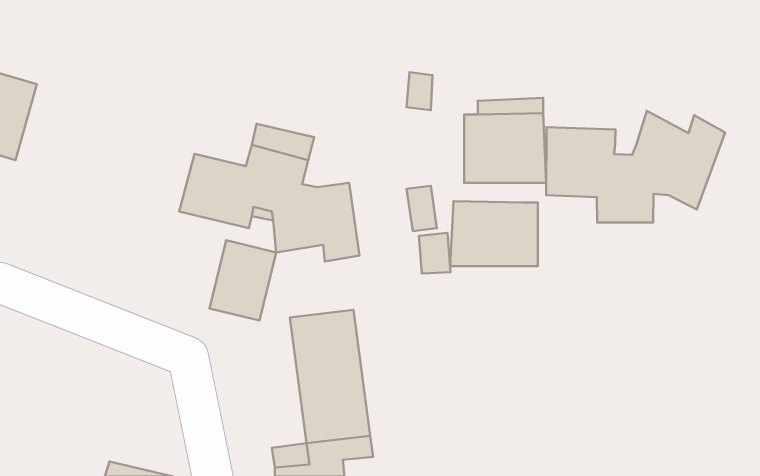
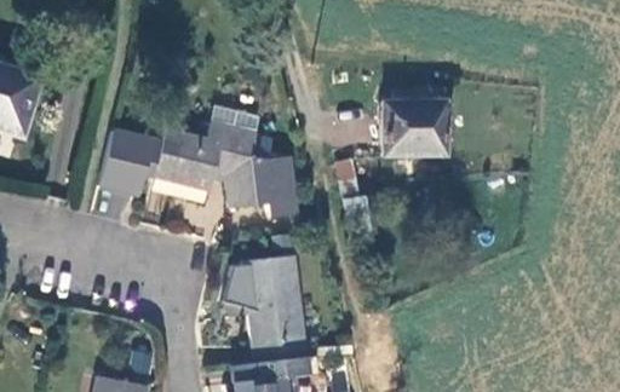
building: [546,111,725,223] -> none
building: [450,201,538,266] -> none
building: [210,240,276,321] -> [99,132,153,196]

